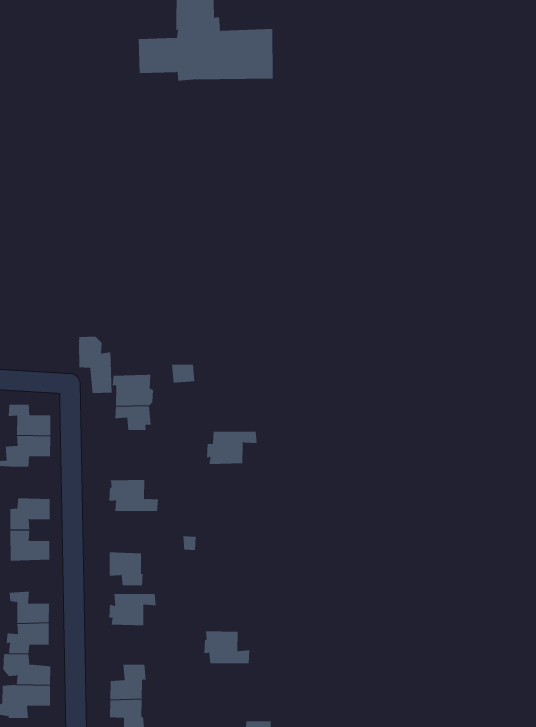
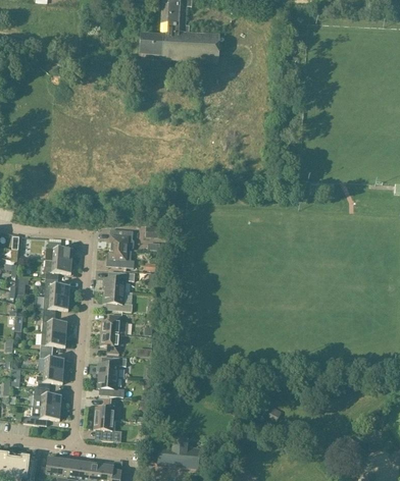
building: [79,336,112,394] -> none
building: [206,431,257,465] -> [103,270,134,290]
building: none -> [44,277,69,298]
building: none -> [100,314,128,334]
building: none -> [40,332,65,351]
building: [203,631,250,664] -> [96,374,123,395]

